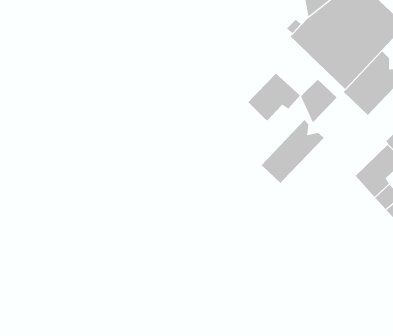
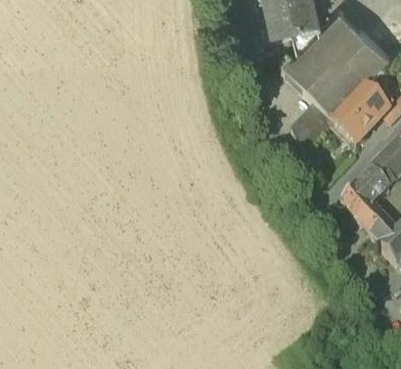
building: [247,73,301,121] -> none
building: [261,119,324,184] -> none

